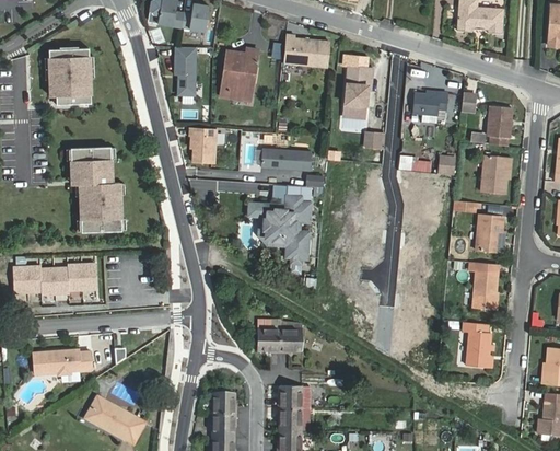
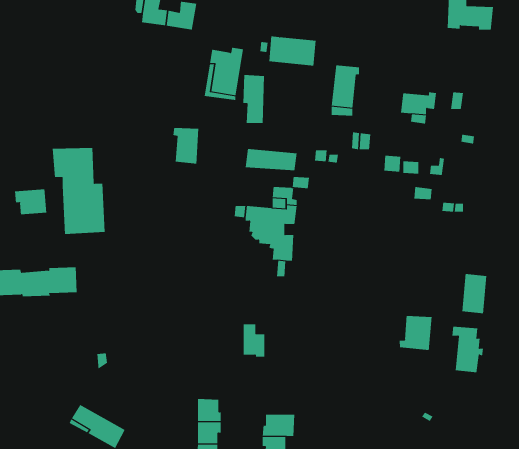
building: [175,46,197,94] -> [242,75,265,124]
building: [49,48,91,104] -> none
building: [488,106,512,146] -> none
building: [481,154,512,194] -> none
building: none -> [15,188,47,215]
building: [476,213,504,253] -> none
building: none -> [399,315,432,351]
building: [280,329,303,352] -> none
building: [33,348,92,373] -> none
building: [278,385,310,408] -> none

